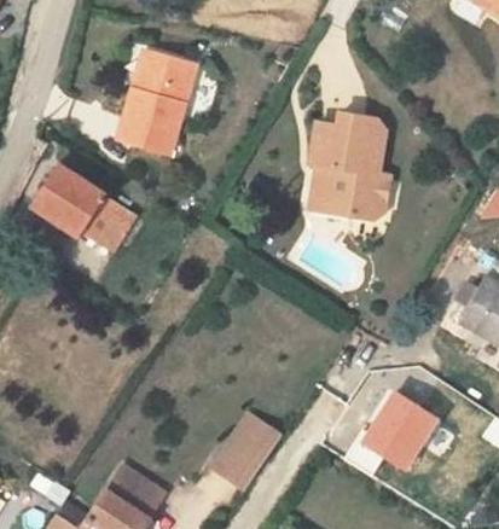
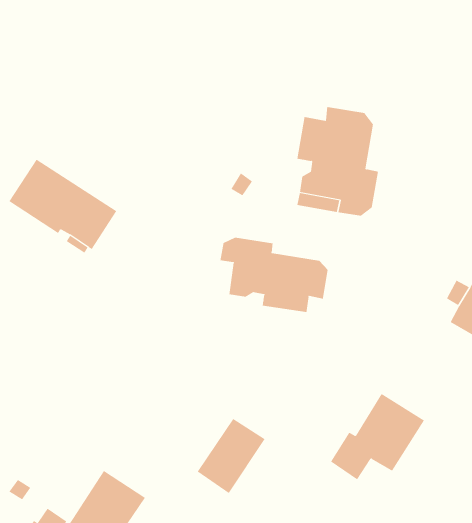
building: [120,52,196,153] -> none
building: none -> [220,237,328,313]

